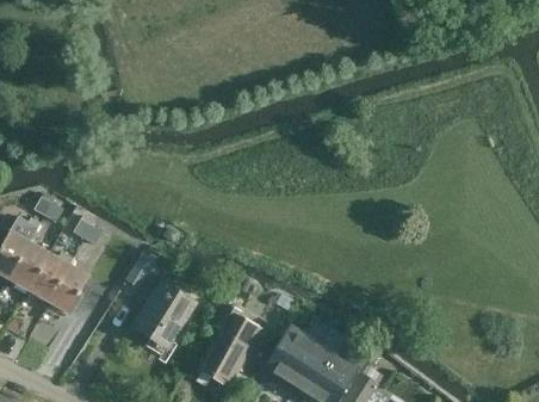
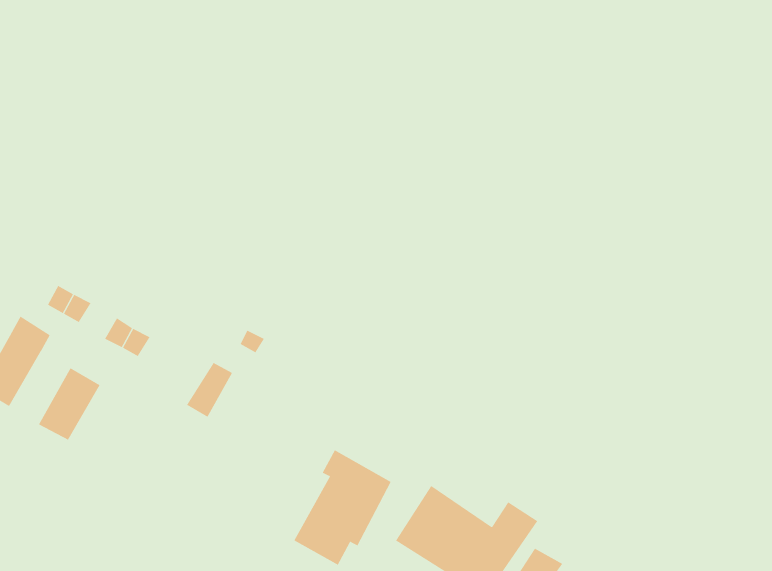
building: [10,241,50,290] -> none
building: [49,264,89,313] -> none
building: [134,280,198,341] -> none

